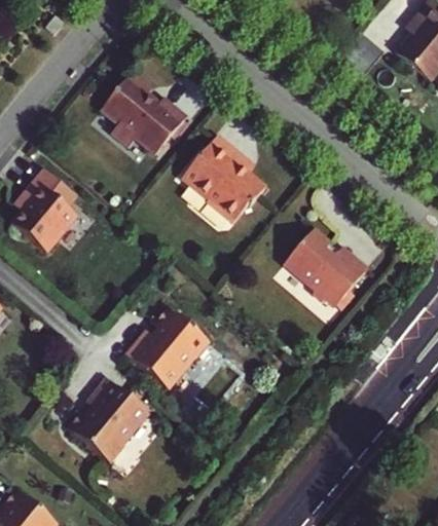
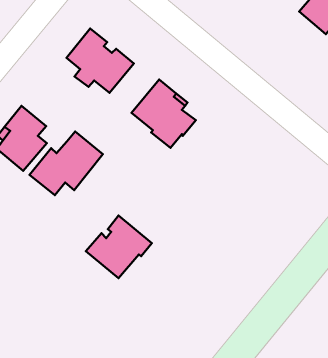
building: none -> [29,131,103,195]
building: [287,231,369,310] -> none
building: [68,378,146,462] -> none

